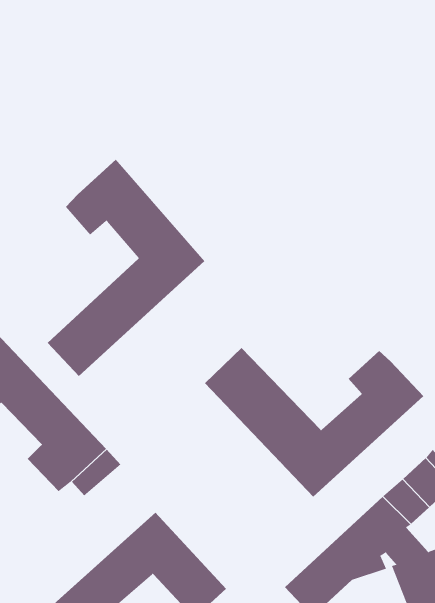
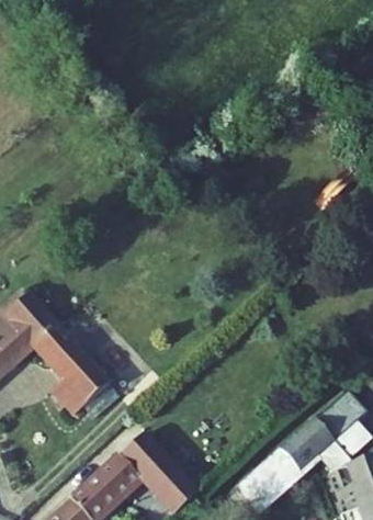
building: [47,159,205,377] -> none
building: [204,347,424,497] -> none

